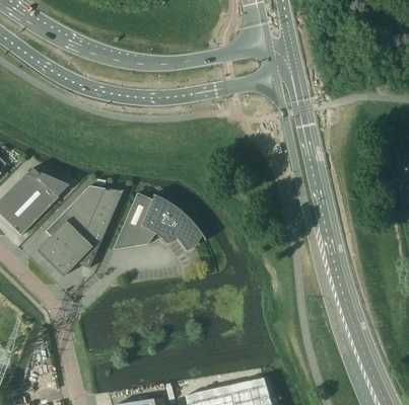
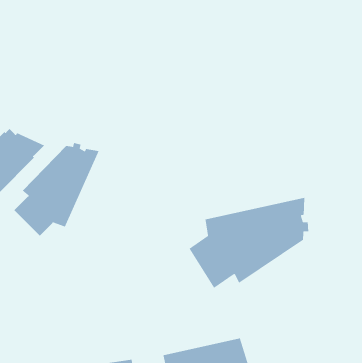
building: [113,188,205,252] -> none
building: none -> [188,197,309,289]

